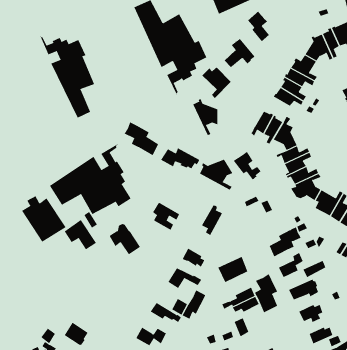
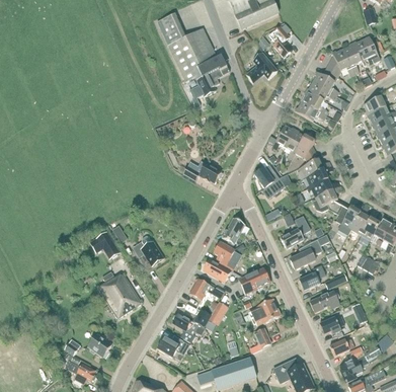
building: [39,34,95,119] -> none
building: [202,67,231,99] -> none
building: [193,98,218,136] -> none
building: [124,121,159,156] -> none
building: [49,143,131,215] -> none
building: [199,159,233,191] -> none
building: [21,196,66,243] -> [97,271,142,318]
building: [152,202,180,231] -> [215,243,242,271]
building: none -> [282,217,310,249]
building: [254,273,278,313] -> none

